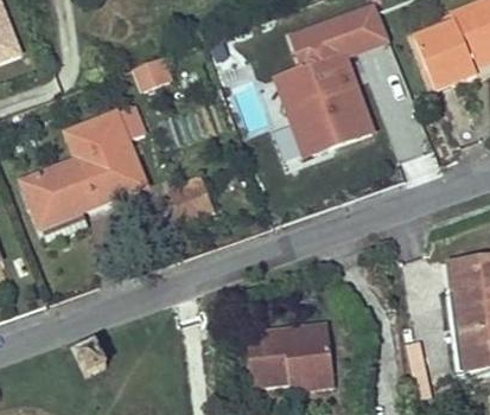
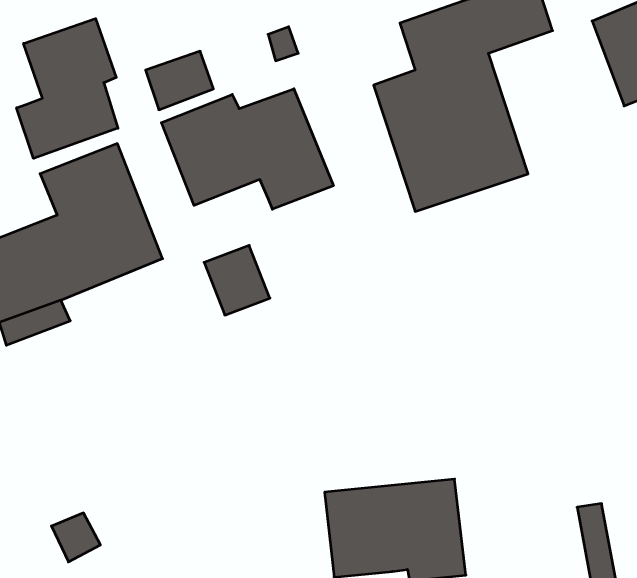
building: none -> [17,19,118,158]
building: none -> [161,89,333,209]

